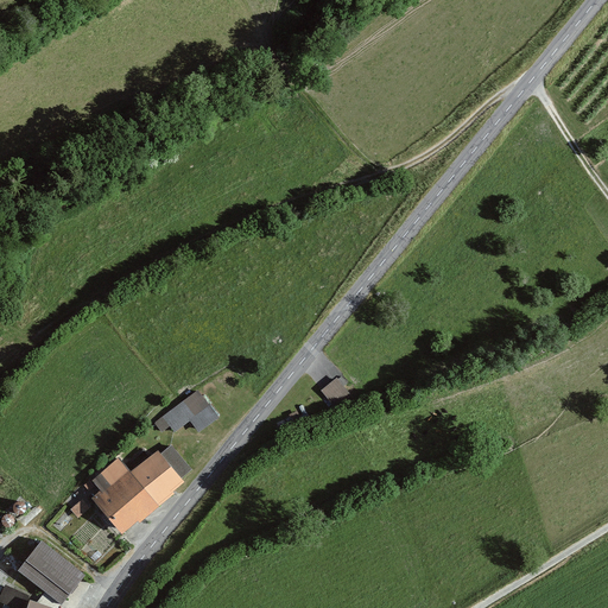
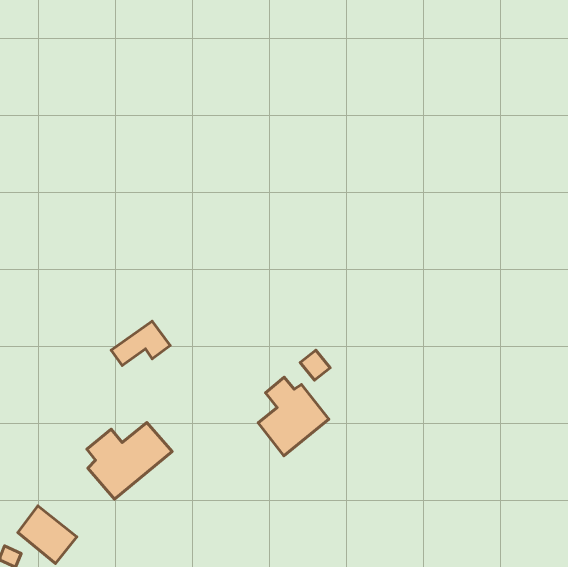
building: [153,391,216,438] -> [111,321,170,366]
building: none -> [258,377,329,456]

